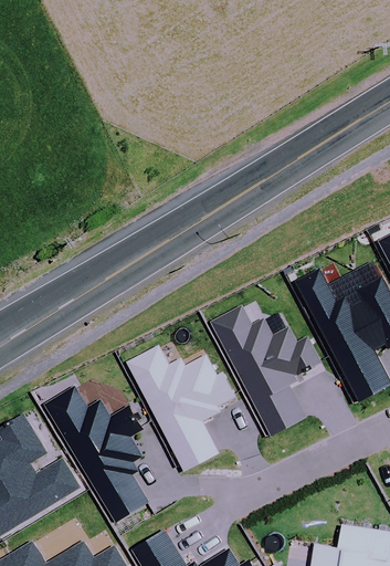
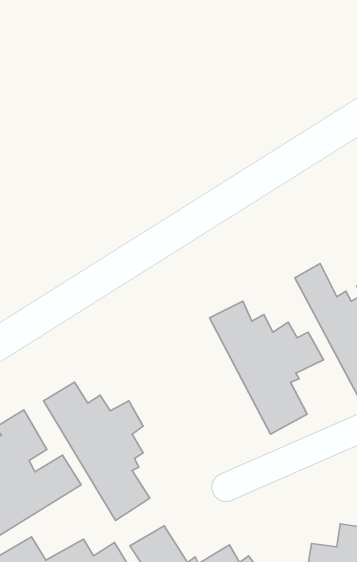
building: [128,345,236,471] -> none

